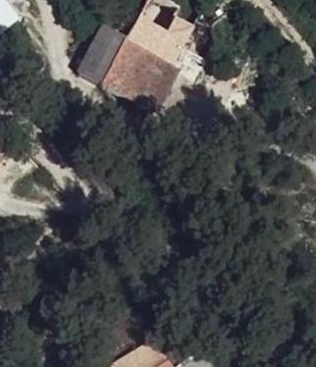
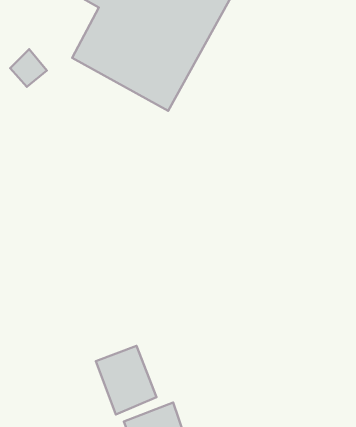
building: none -> [96,346,156,414]

